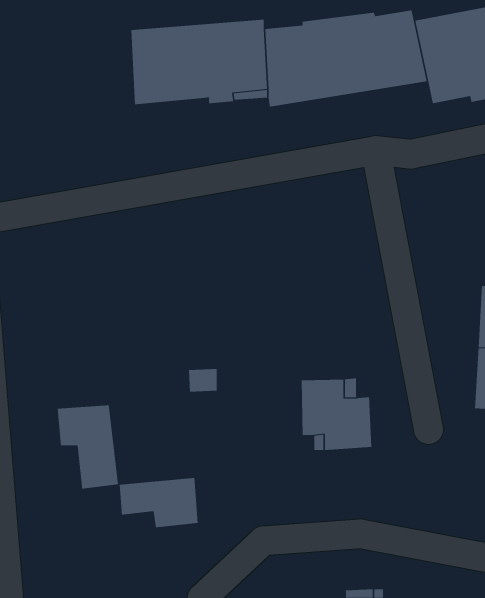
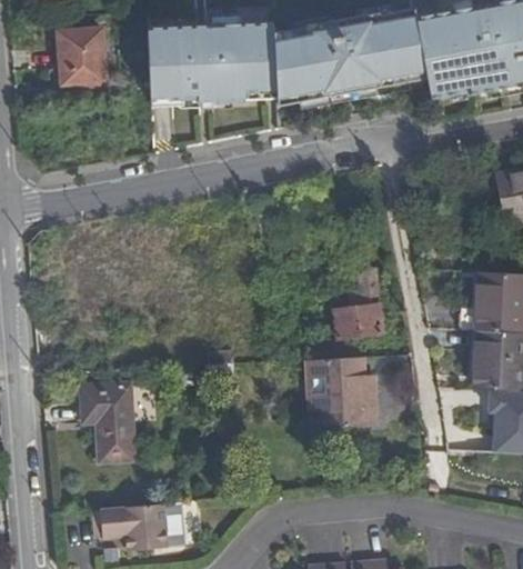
building: none -> [56,32,101,86]
building: none -> [334,270,383,338]
building: [119,478,199,528] -> [90,503,165,551]

